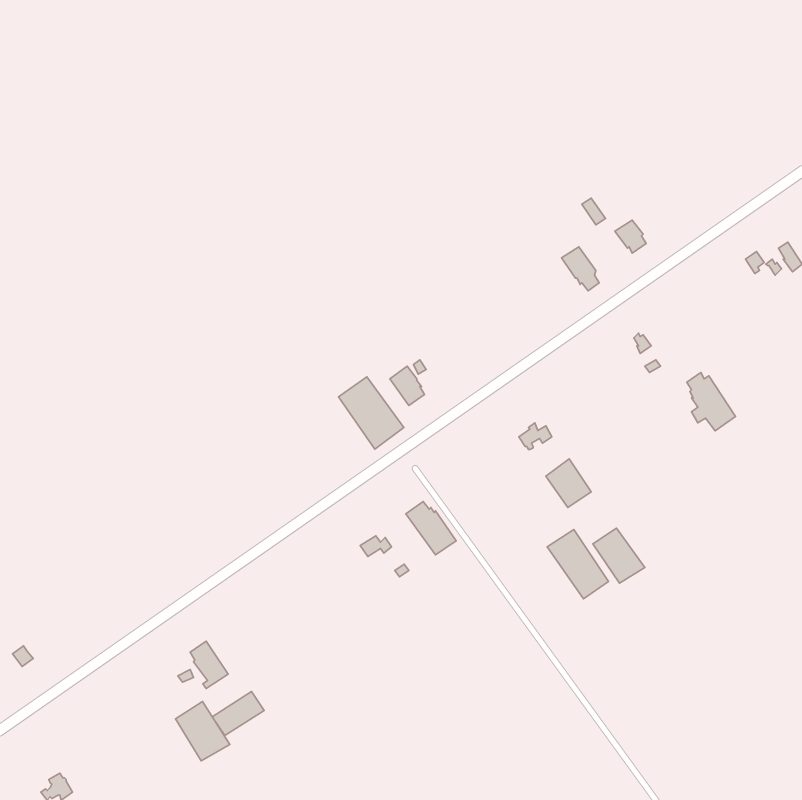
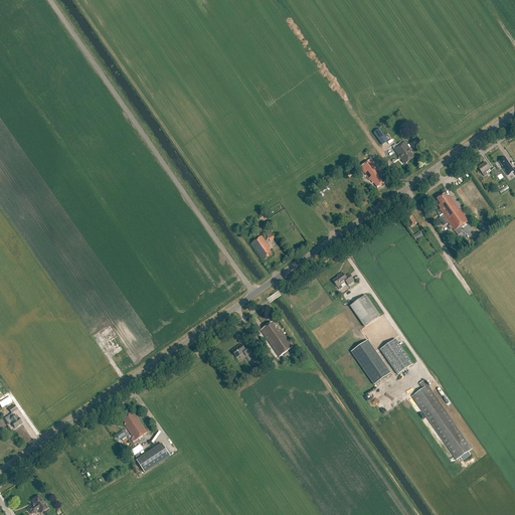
building: [687,373,735,431] -> [436,192,467,229]
building: [339,377,404,449] -> none
building: none -> [411,379,471,458]
building: [175,701,230,761] -> none

